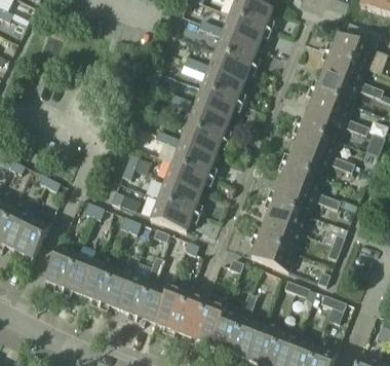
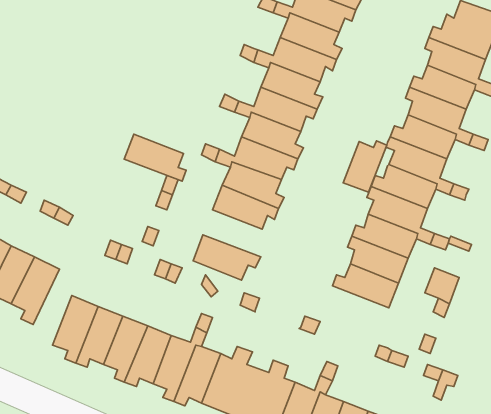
building: none -> [343,141,387,192]
building: [156,179,202,214] -> [124,134,186,181]
building: [249,235,295,270] -> none

